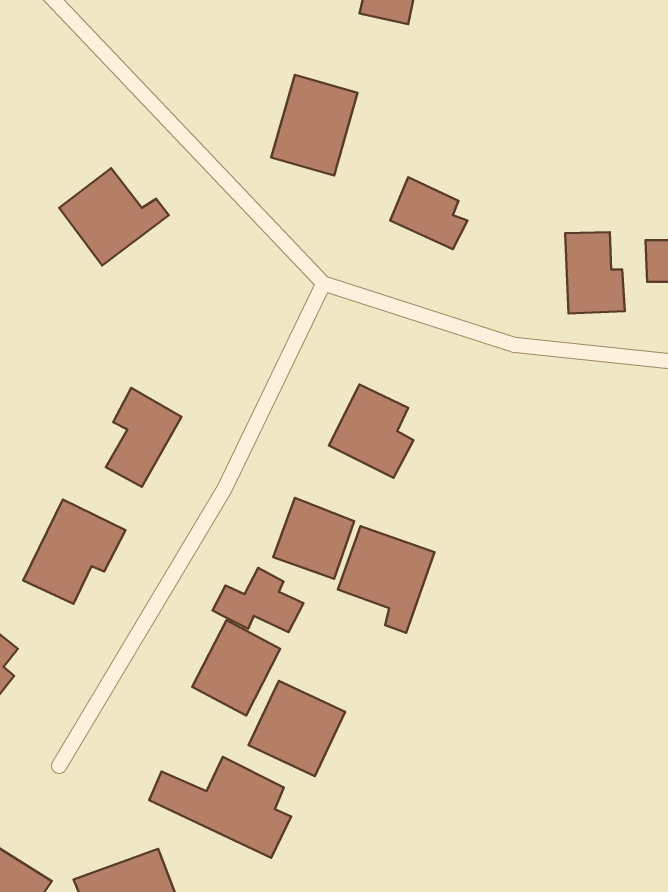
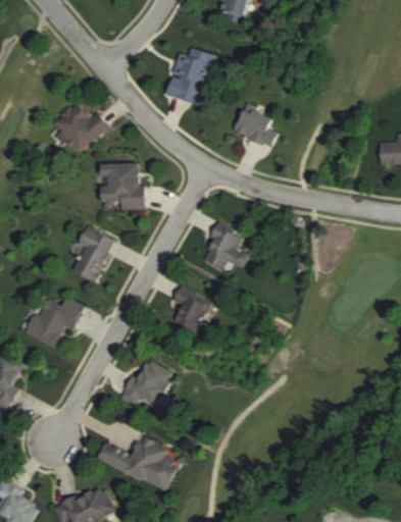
building: [565,232,625,313] -> none
building: none -> [102,164,146,209]
building: [338,526,435,633] -> none
building: [213,568,303,632] -> none
building: [249,681,345,776] -> none

